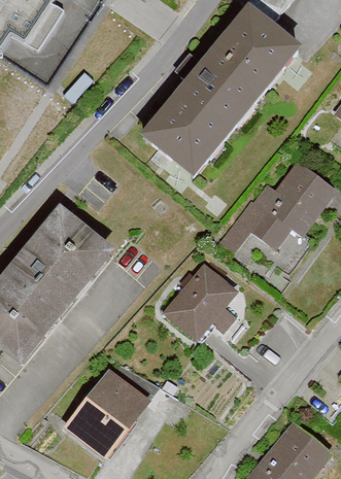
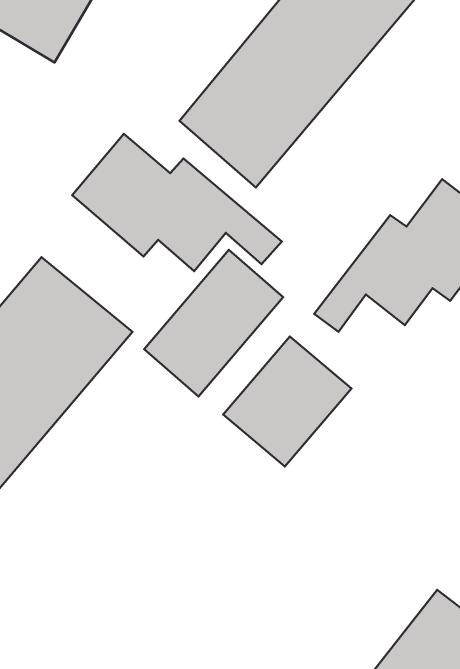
building: none -> [72,134,282,271]
building: none -> [144,250,283,396]
building: [63,368,151,461] -> none

